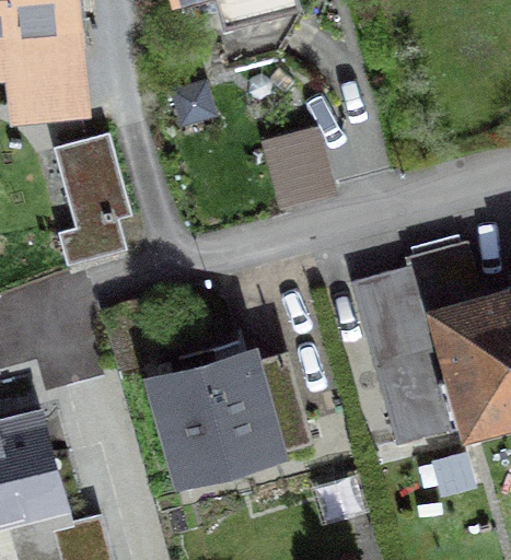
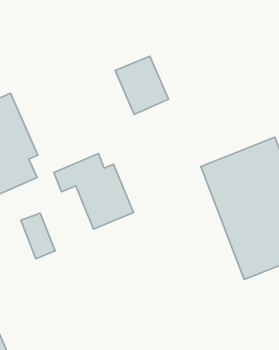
building: none -> [54,154,134,229]
building: [160,357,300,493] -> none

